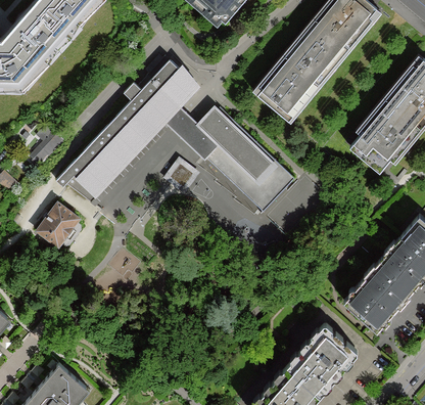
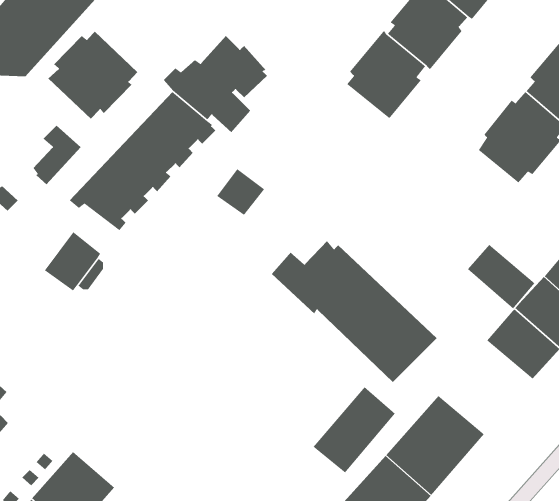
building: none -> [48,31,138,120]
building: [173,106,294,211] -> [271,240,438,383]
building: [342,282,392,330] -> [467,244,535,310]
building: none -> [312,386,396,474]

